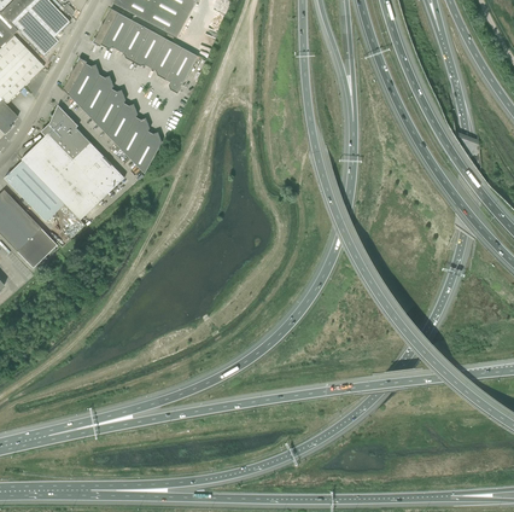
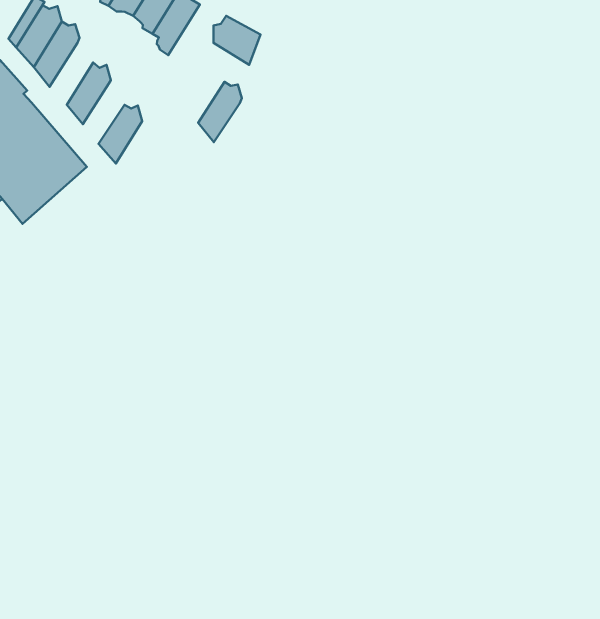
building: none -> [214,16,260,65]
building: [93,88,124,133] -> none
building: [118,116,148,159] -> [198,82,242,142]

